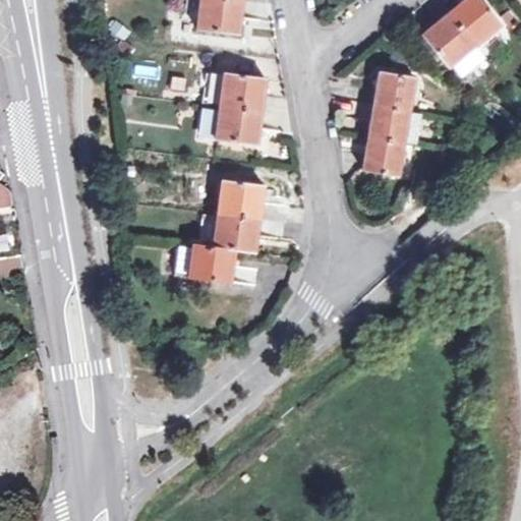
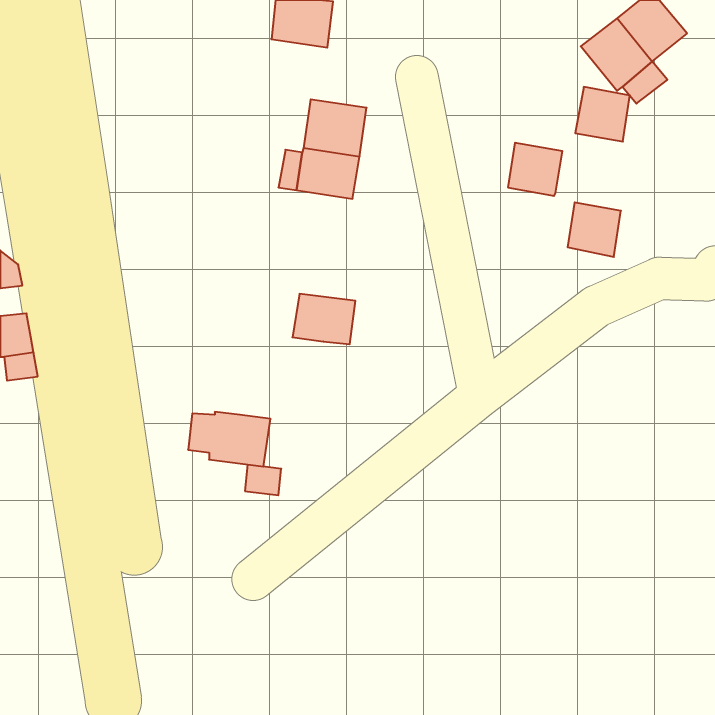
building: [374,70,414,110] -> [575,87,630,142]
building: [364,136,403,176] -> [568,202,621,257]
building: [218,179,264,219] -> none
building: [175,243,235,283] -> [188,412,271,467]

